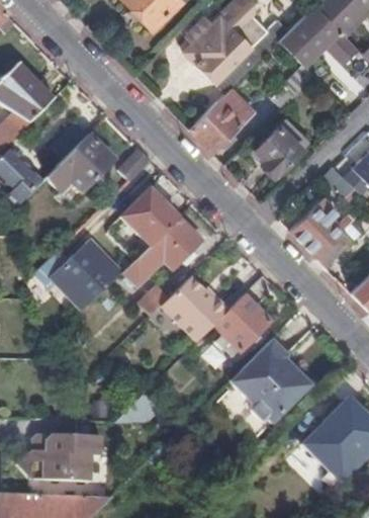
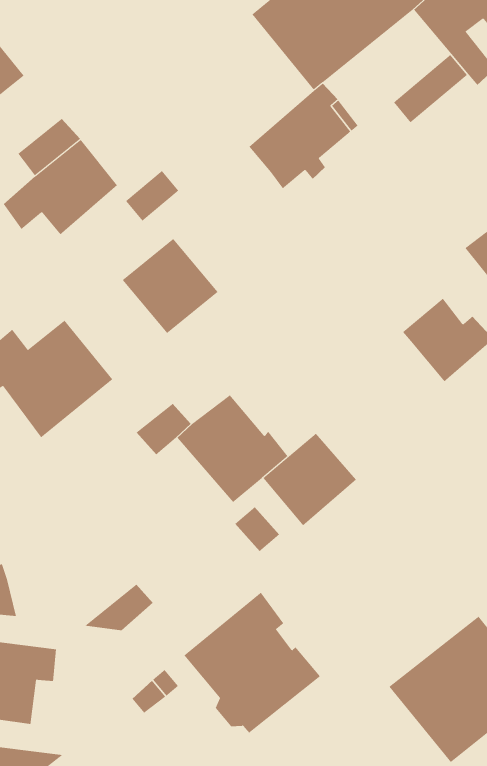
building: [254,126,301,178] -> none
building: [123,218,201,285] -> none
building: [229,340,311,424] -> [183,592,321,733]

